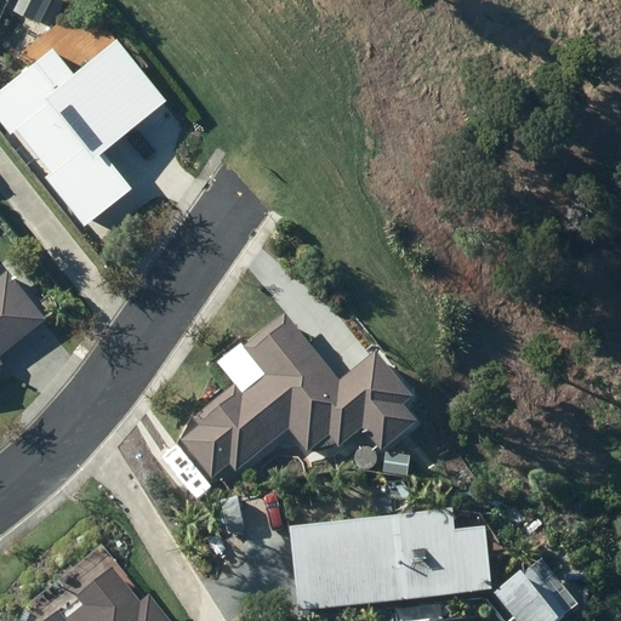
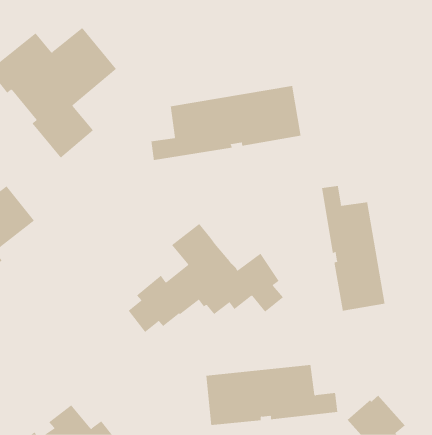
building: none -> [151,85,301,161]
building: none -> [322,185,385,312]

